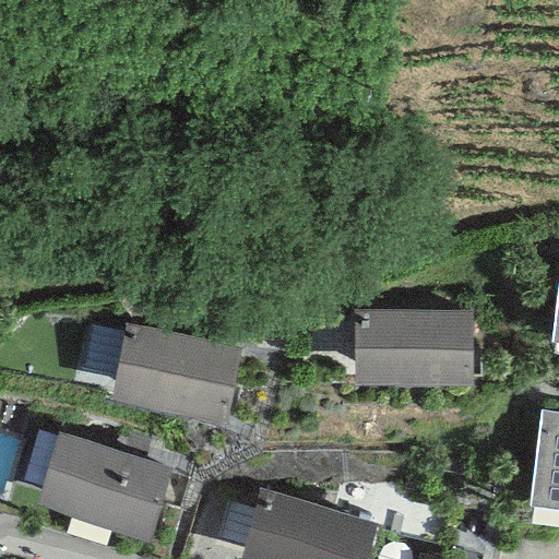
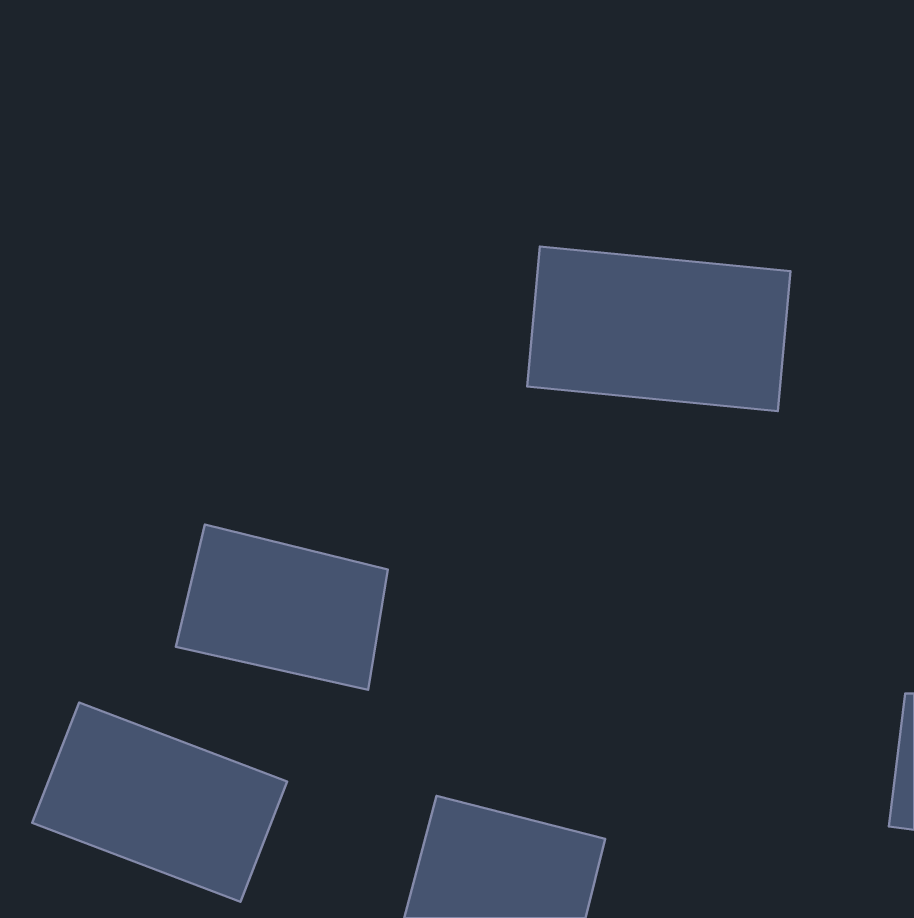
building: none -> [527,247,790,411]
building: [364,302,471,390] -> none

